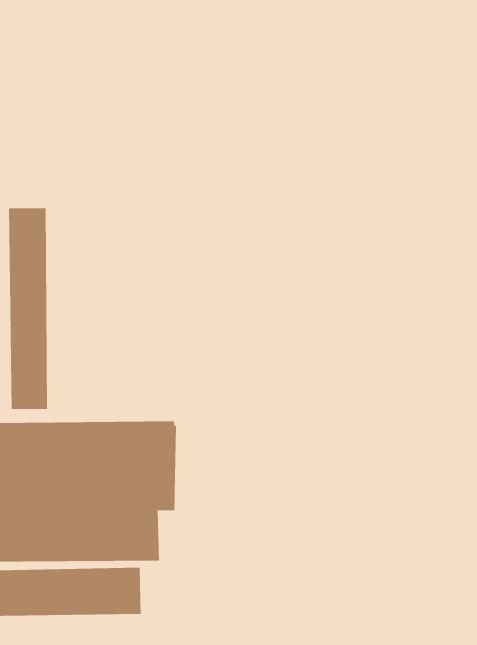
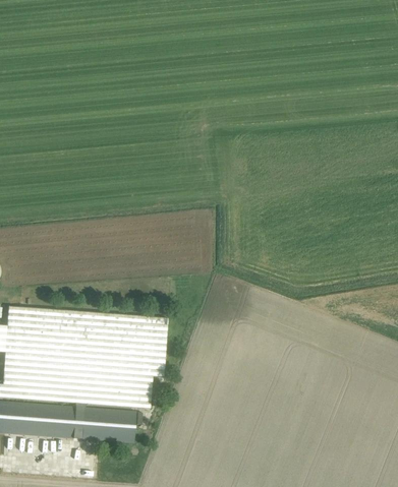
building: [8,208,48,410] -> none

